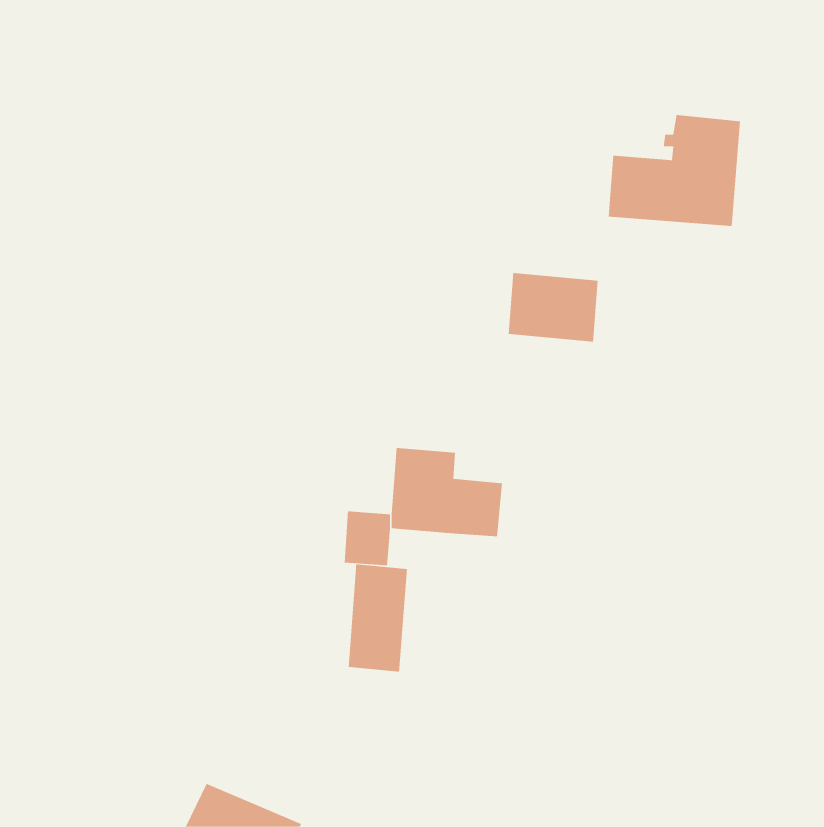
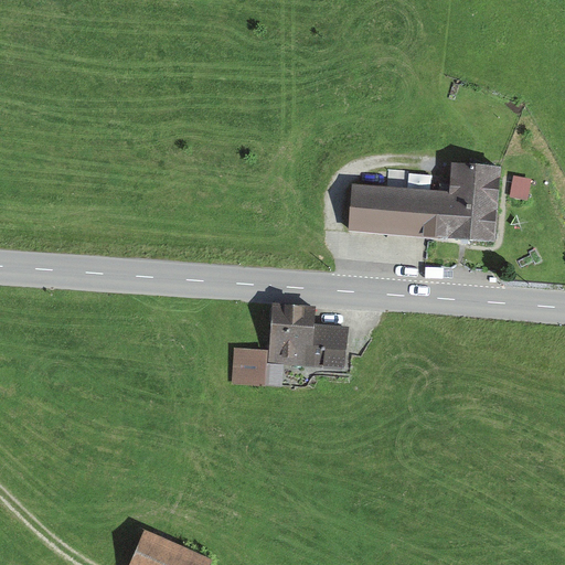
building: [608,115,741,226] -> [407,163,498,239]
building: [348,564,407,672] -> none

